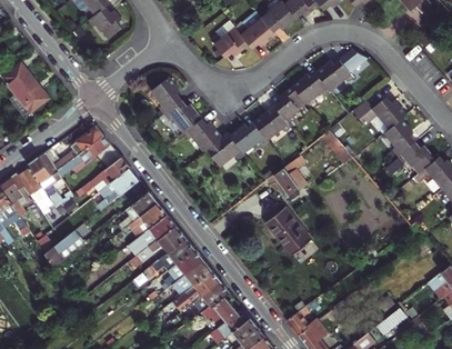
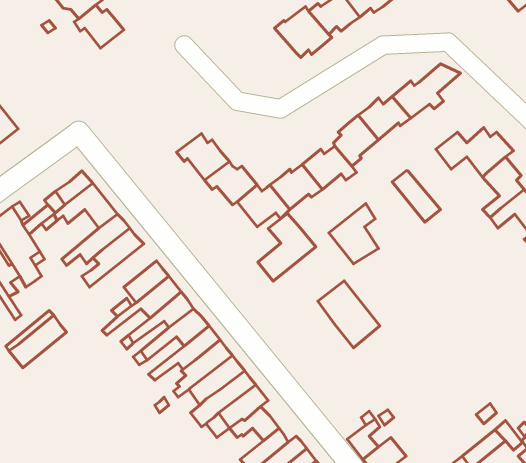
building: [210,19,249,58] -> none
building: [151,79,181,114] -> none
building: none -> [258,213,316,281]

